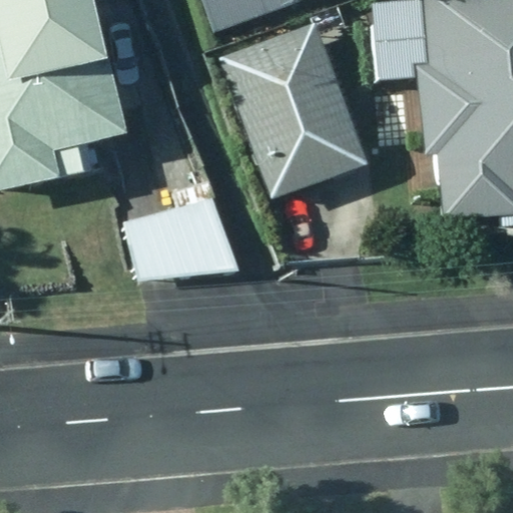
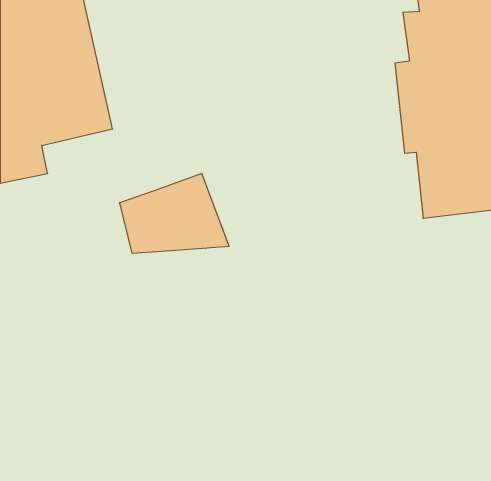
building: [218,23,366,200] -> none

